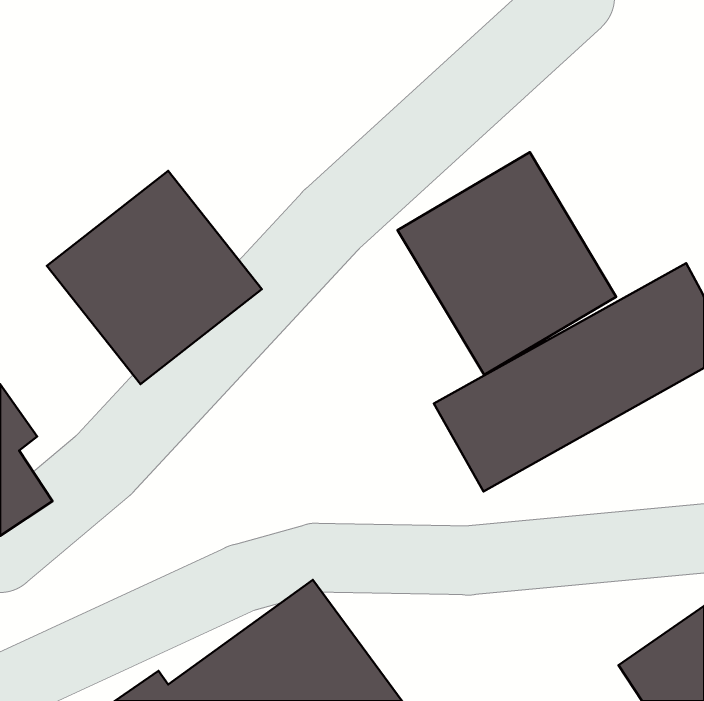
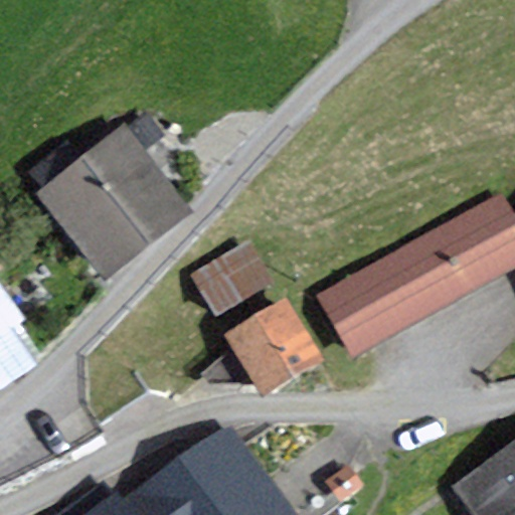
building: [398,152,616,375] -> none
building: none -> [192,243,323,395]

